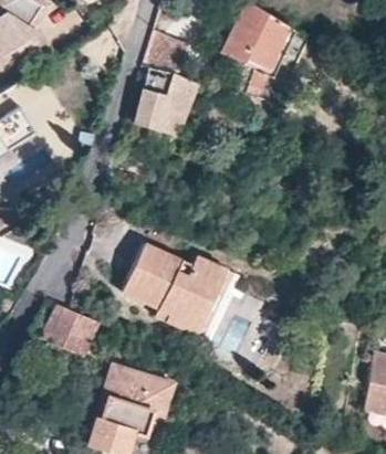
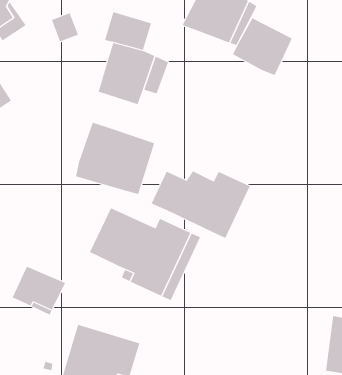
building: none -> [232,18,292,76]
building: none -> [76,122,155,195]
building: none -> [151,171,250,239]

